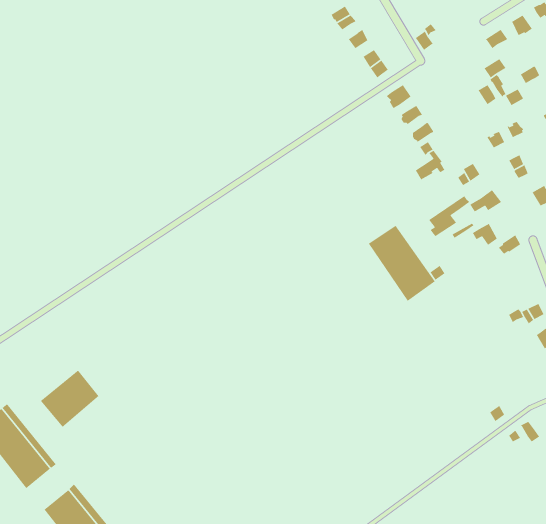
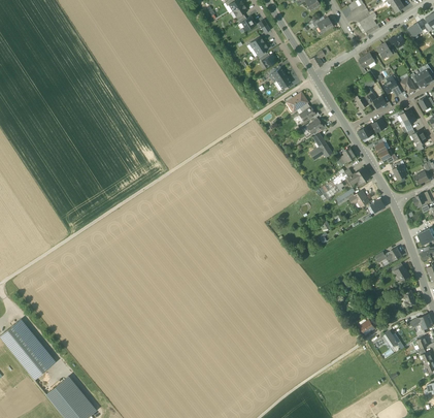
building: [368,225,436,302] -> none
building: [40,370,100,428] -> none

